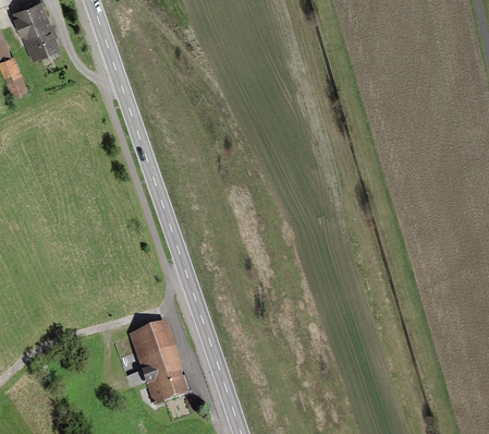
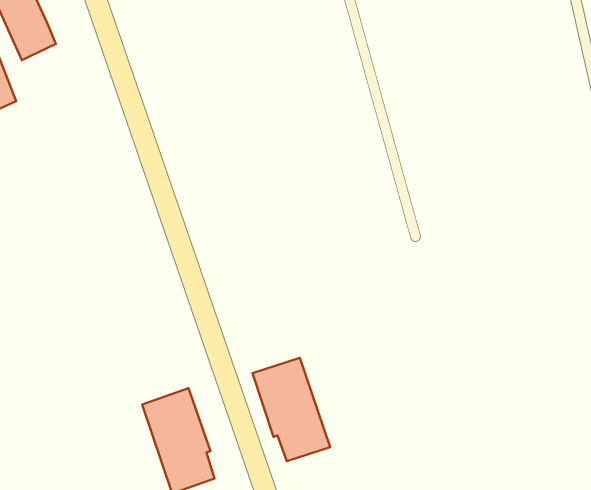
building: none -> [252,358,330,461]

